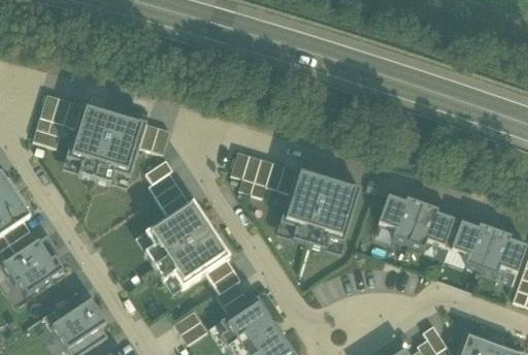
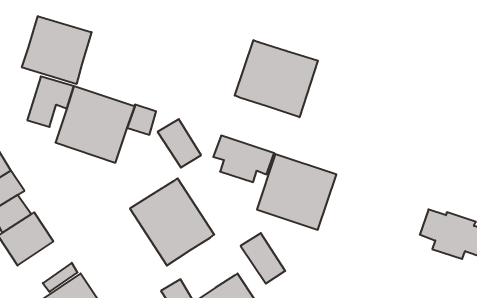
building: none -> [22,16,92,84]
building: none -> [235,40,318,117]
building: [142,163,189,215] -> [158,119,201,168]
building: [378,204,454,258] -> none
building: [206,261,254,315] -> [241,233,285,284]

